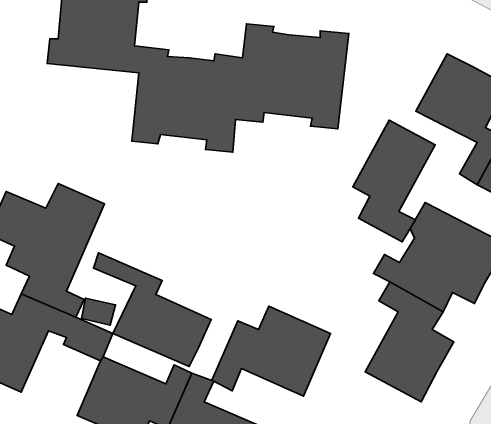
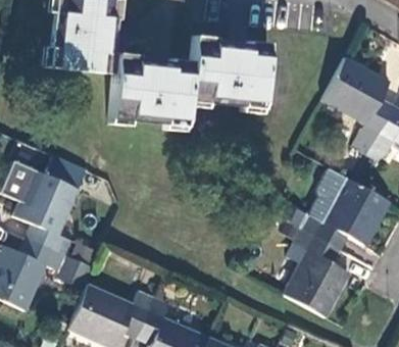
building: [353,120,435,242] -> none
building: [94,253,211,366] -> none
building: [212,306,331,396] -> none

